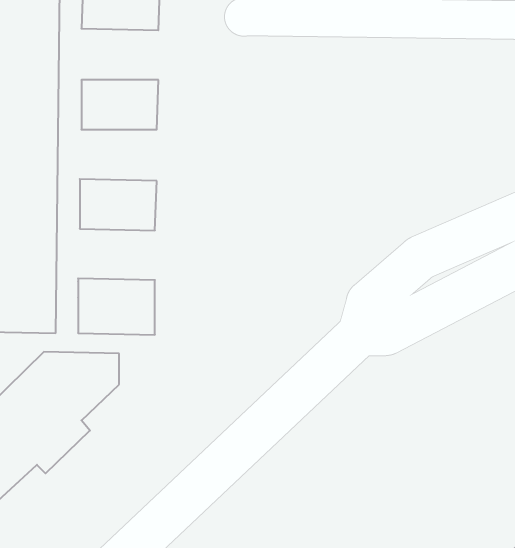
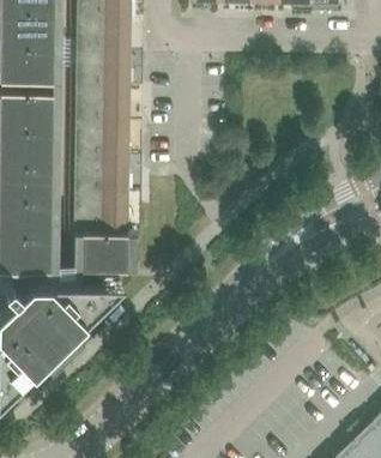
building: none -> [77,54,131,90]
building: none -> [75,125,129,161]
building: none -> [74,194,128,230]

